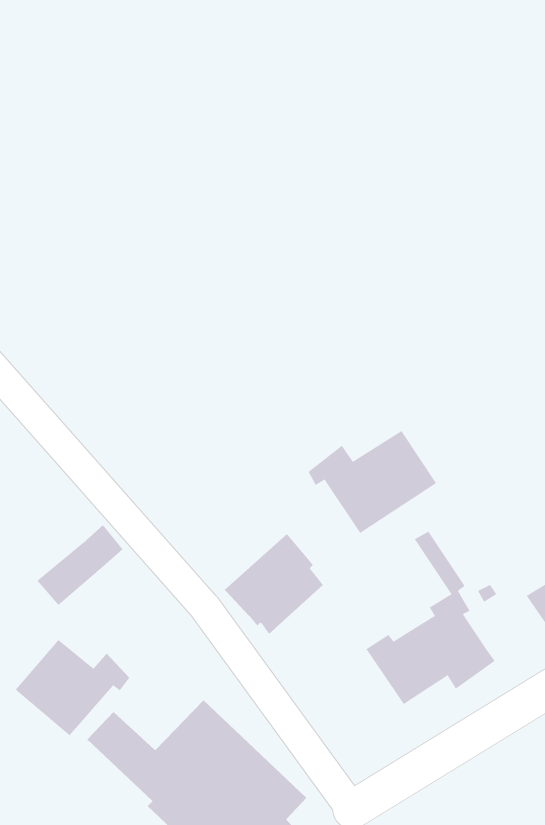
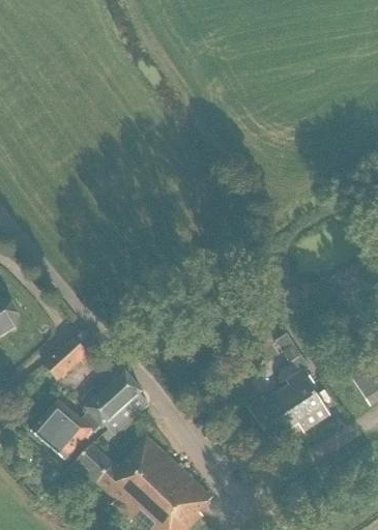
building: [308,430,437,534] -> none
building: [224,533,324,635] -> [87,372,149,435]

